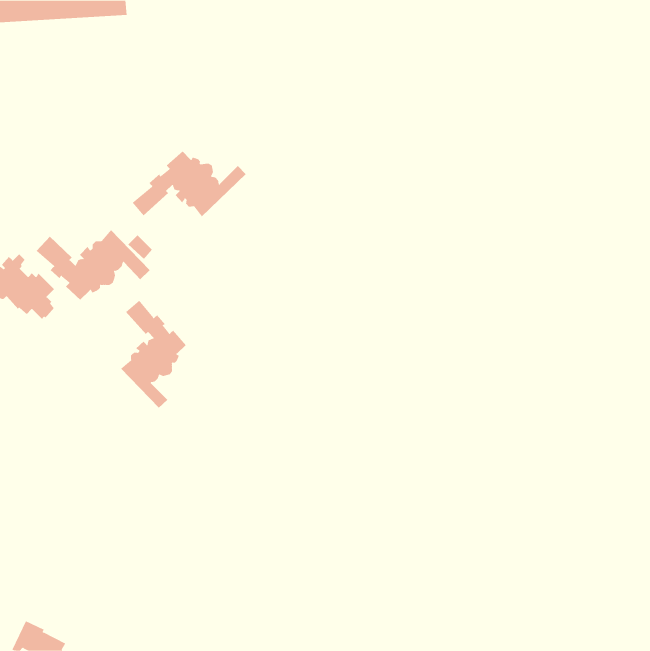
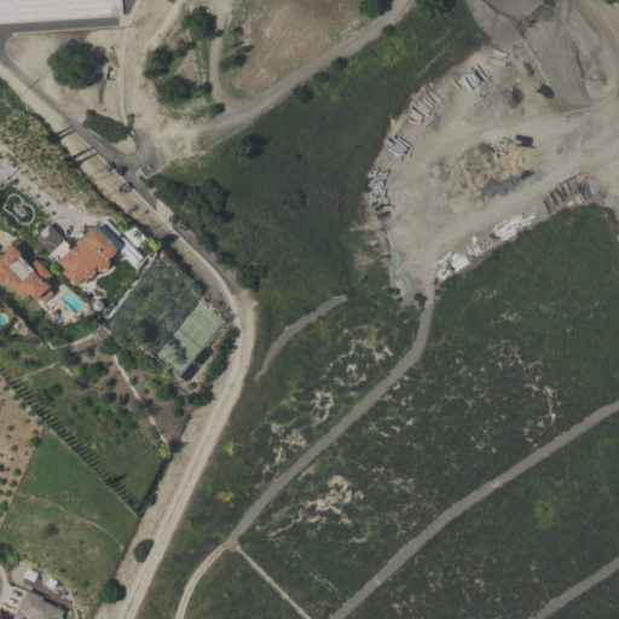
building: [132,150,246,217] -> none
building: [120,300,186,409] -> none

